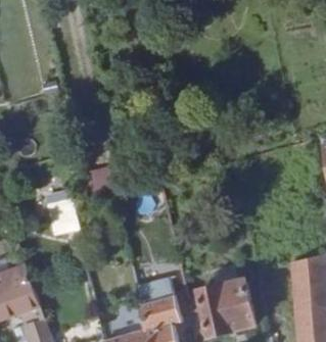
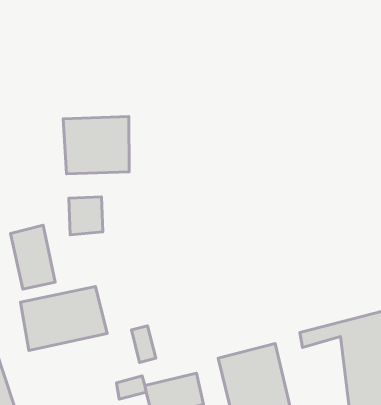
building: none -> [63,116,129,174]
building: none -> [21,287,107,350]

